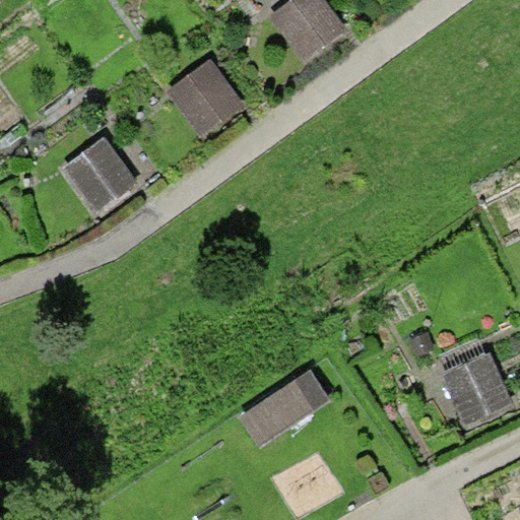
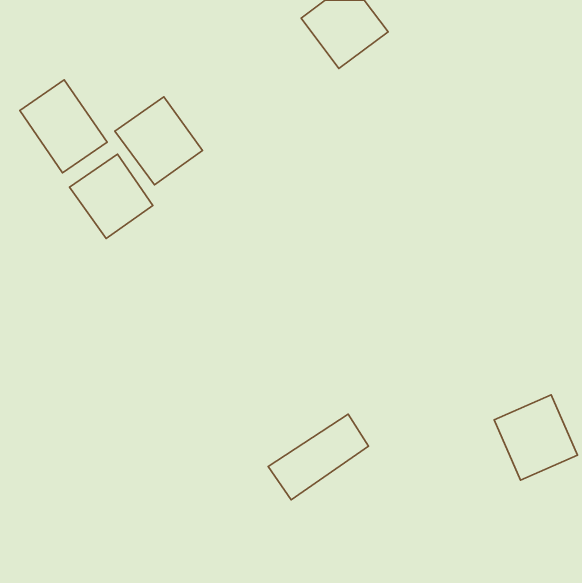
building: [167,60,245,138] -> [115,97,203,185]
building: none -> [20,80,107,173]

